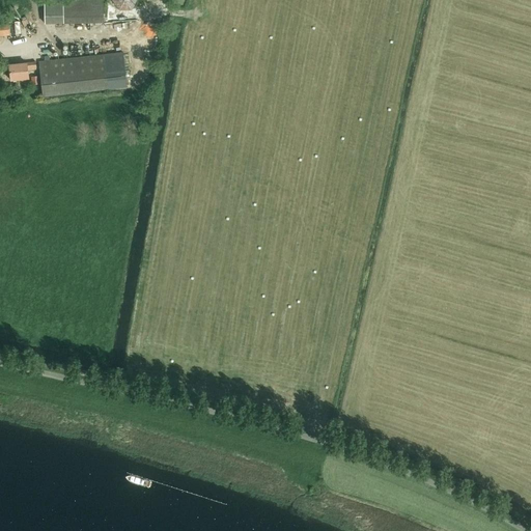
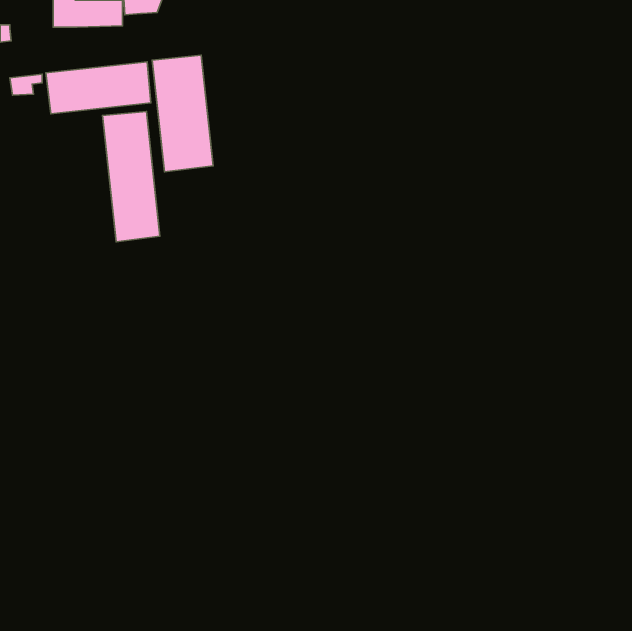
building: none -> [152,55,213,172]
building: none -> [102,111,160,242]

